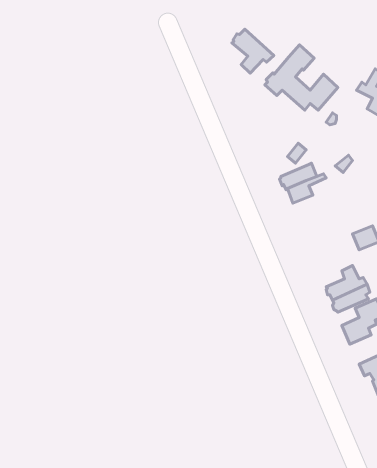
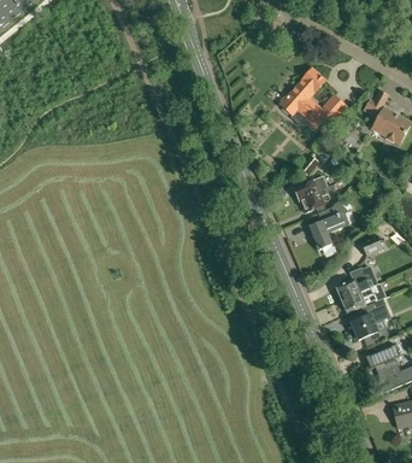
building: [232,29,274,73] -> none
building: none -> [310,200,349,248]

